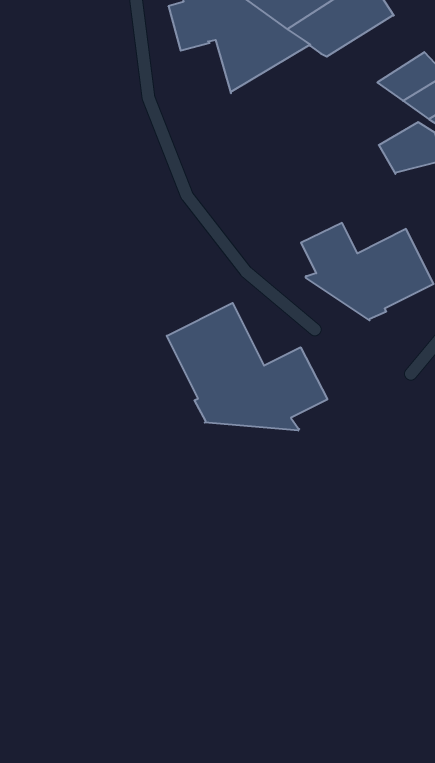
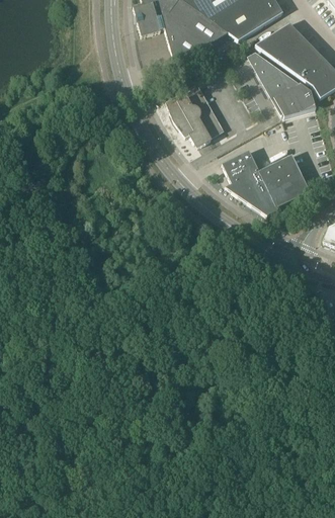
building: none -> [255,22,304,57]
building: none -> [249,52,300,98]
building: none -> [166,85,222,143]
building: [167,303,327,431] -> none

